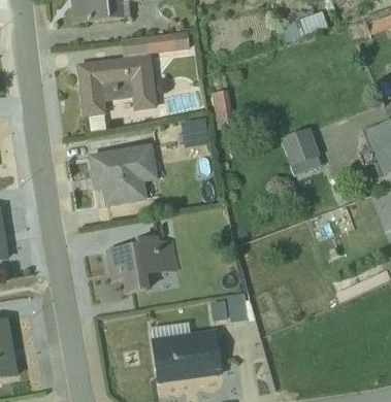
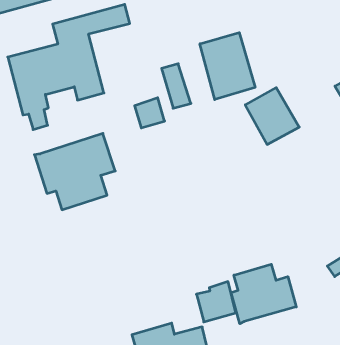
building: none -> [200,33,255,100]
building: [105,234,178,294] -> none
building: none -> [231,264,296,324]

